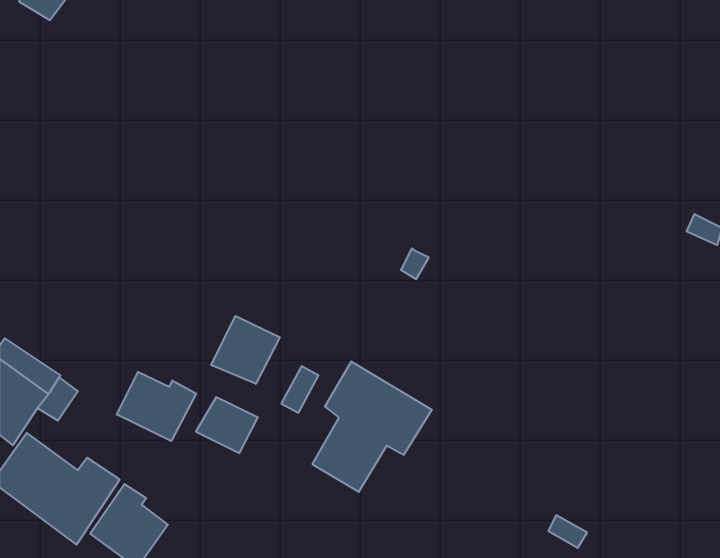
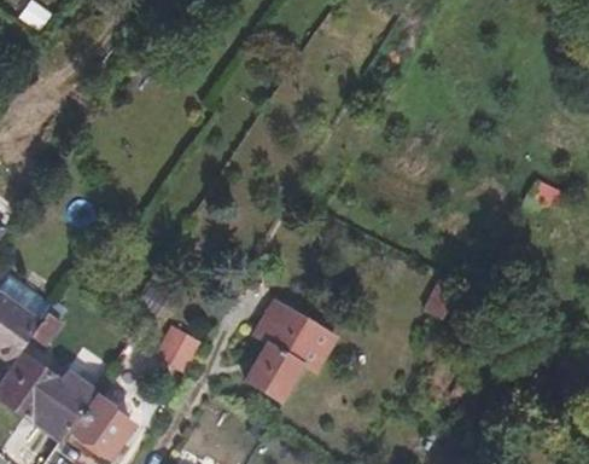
building: [211,316,280,384] -> none
building: [117,372,196,441] -> none

